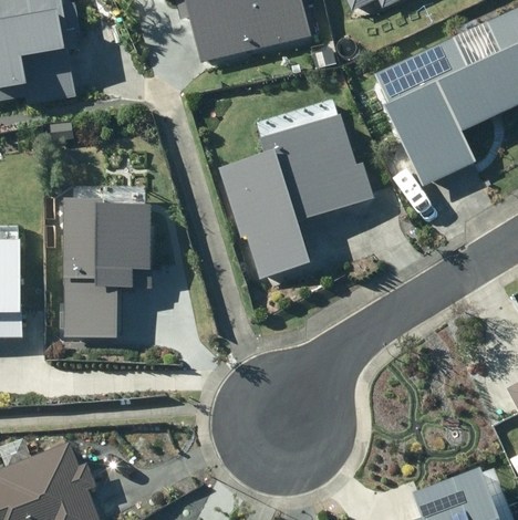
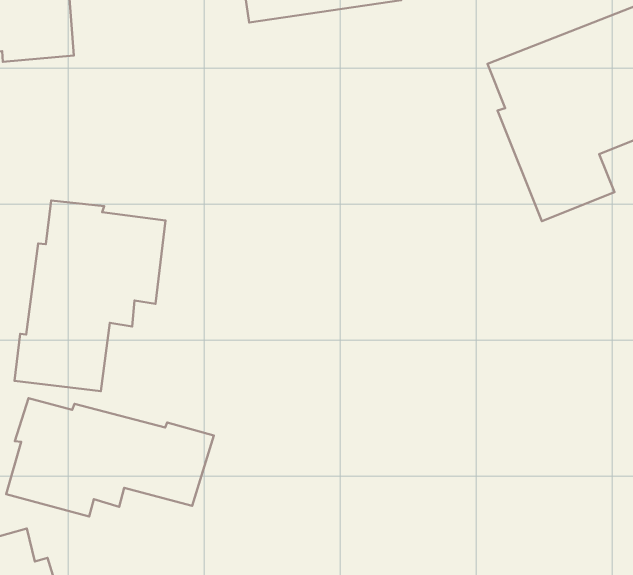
building: [221,101,374,279] -> none
building: none -> [6,398,214,517]

